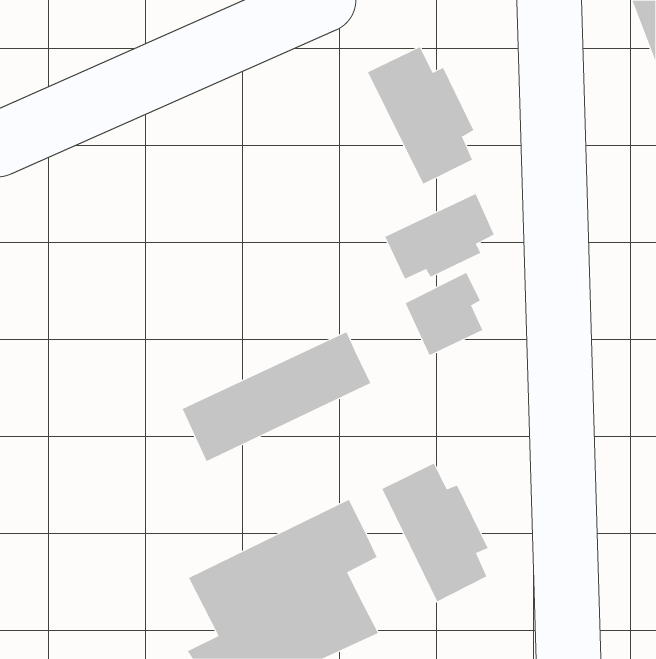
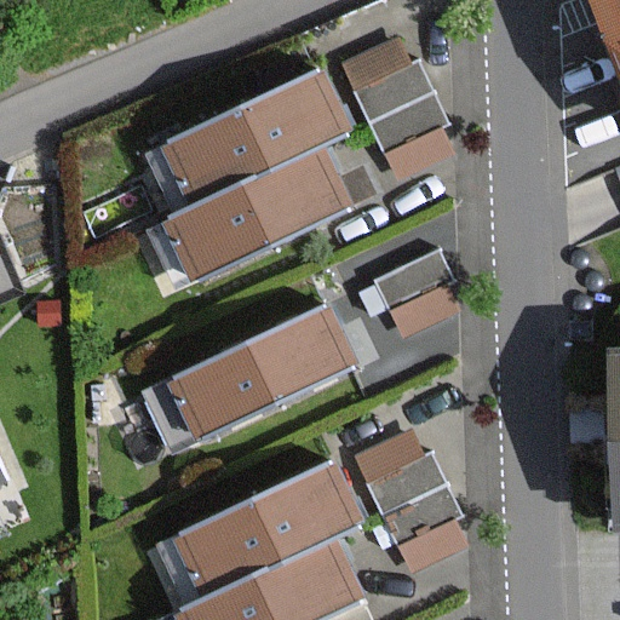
building: none -> [166,76,346,276]
building: [385,193,495,279] -> none

